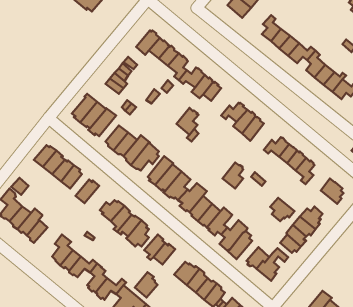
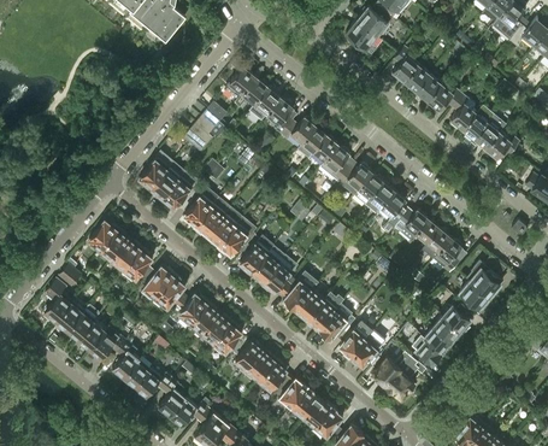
building: [177,108,198,135] -> [320,145,349,181]
building: [223,162,243,189] -> [377,192,405,227]
building: none -> [155,275,184,307]
building: [270,198,295,221] -> [459,281,491,312]
building: none -> [88,330,125,359]
building: [135,272,158,298] -> [259,359,289,393]

